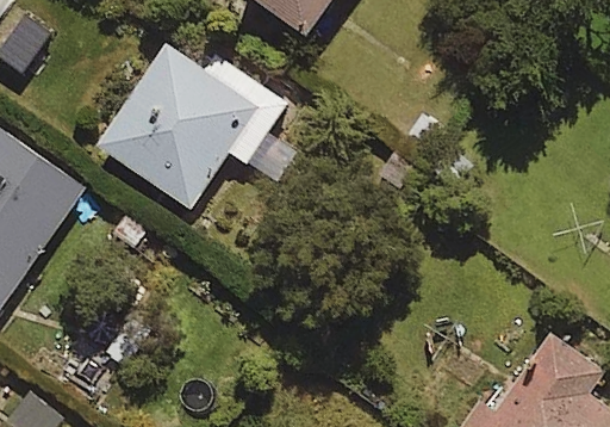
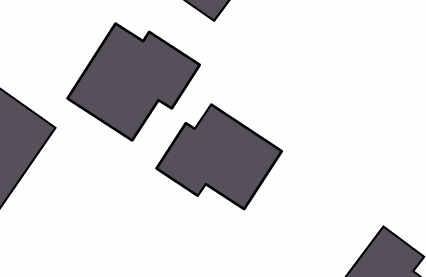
building: none -> [157,104,282,209]

